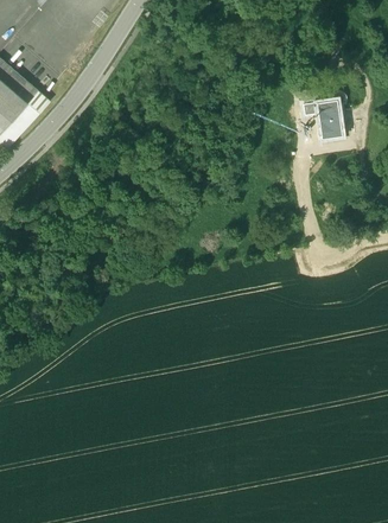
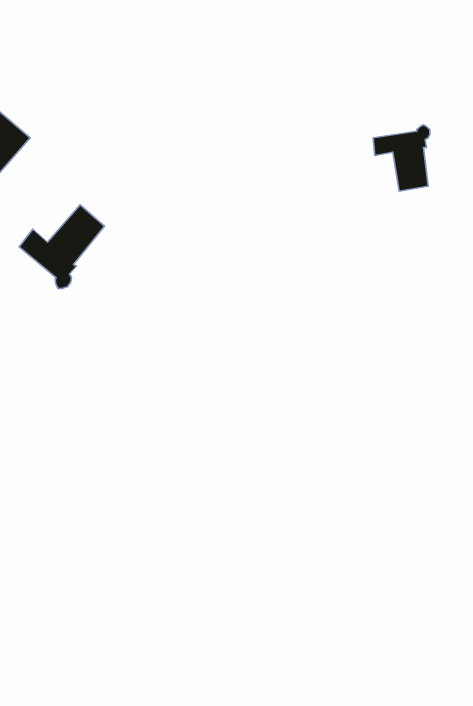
building: none -> [19,205,104,288]

